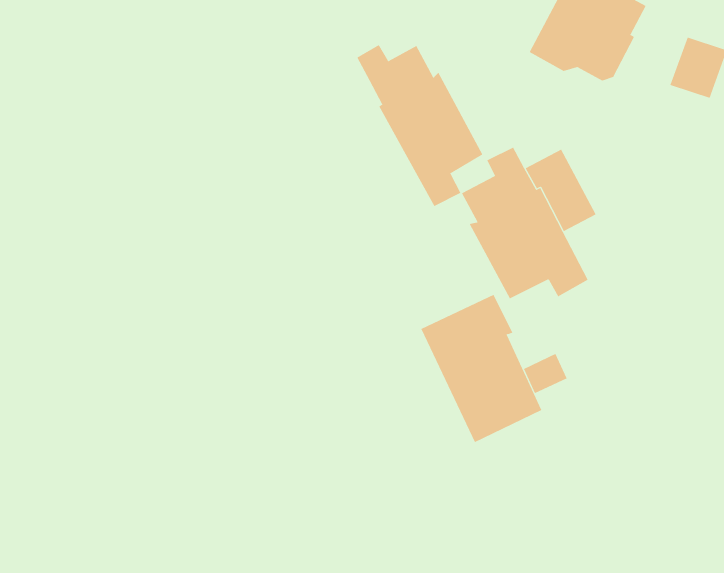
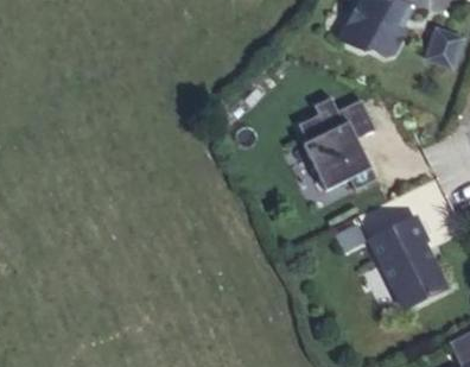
building: [357,44,483,207] -> none
building: [421,294,542,443] -> [370,216,445,308]

